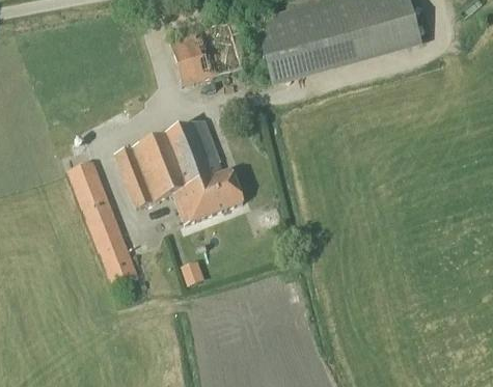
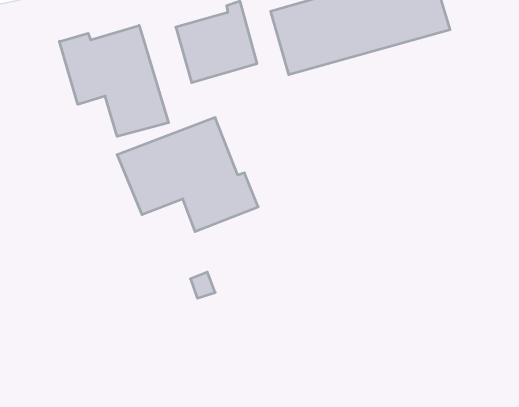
building: none -> [59,25,169,136]
building: [66,161,138,287] -> none

